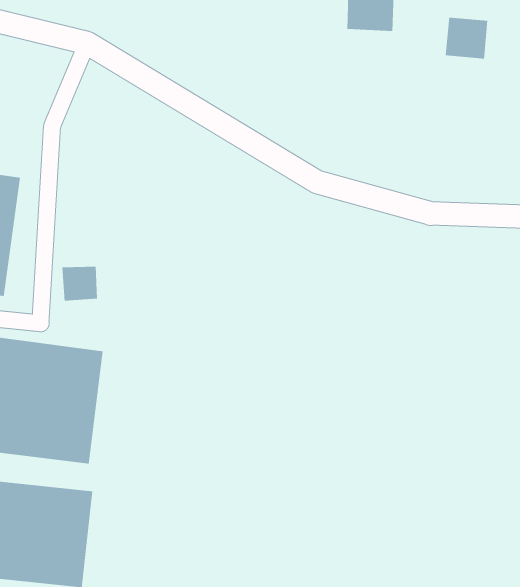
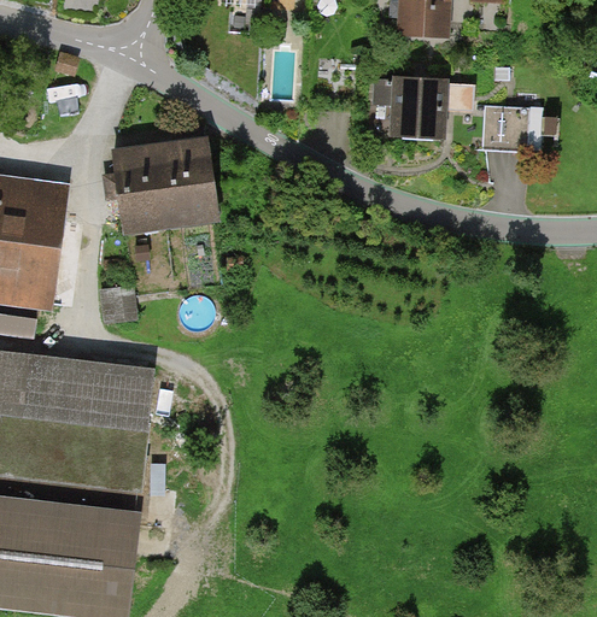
building: [445,17,488,59] -> [490,105,534,148]
building: none -> [391,82,447,137]
building: none -> [112,143,213,221]

